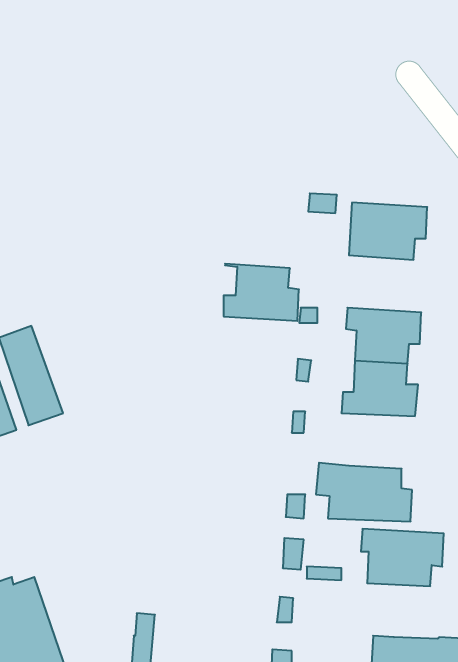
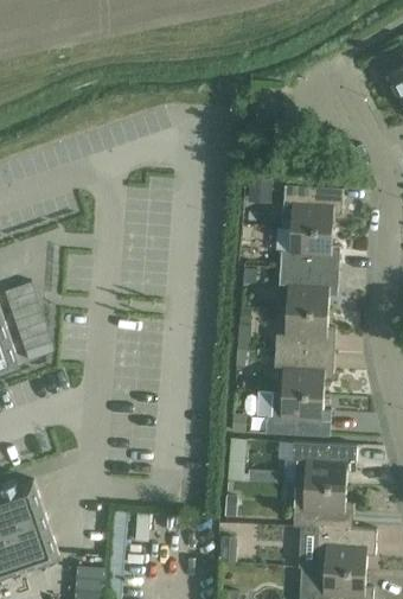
building: [224,264,299,321] -> [280,227,339,272]
building: none -> [274,351,333,395]
building: none -> [293,485,353,529]

